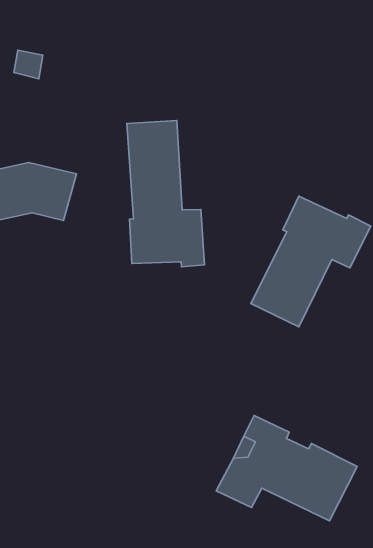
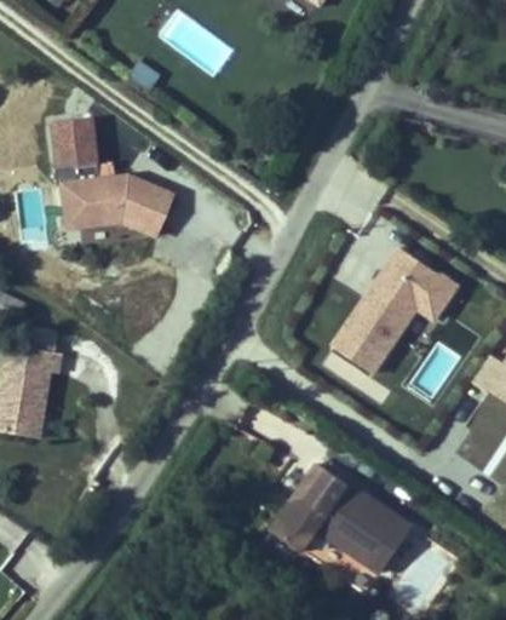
building: [127,120,205,267] -> none

